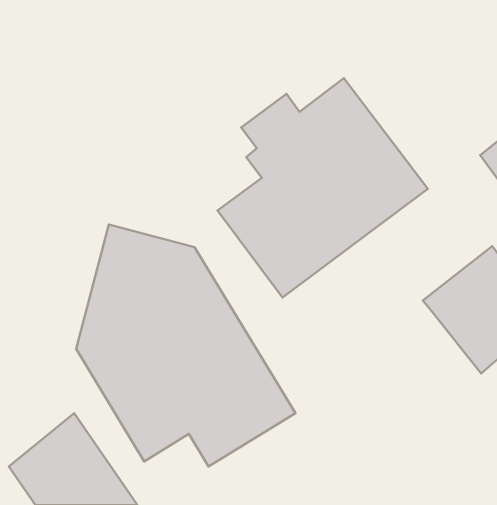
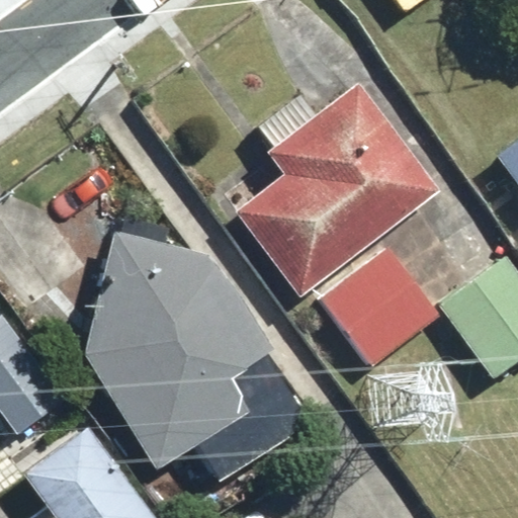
building: none -> [318,243,449,374]

